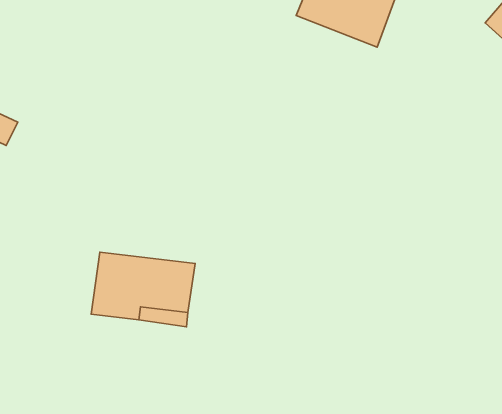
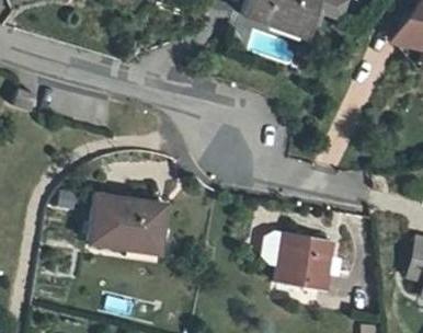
building: none -> [277,225,334,284]

